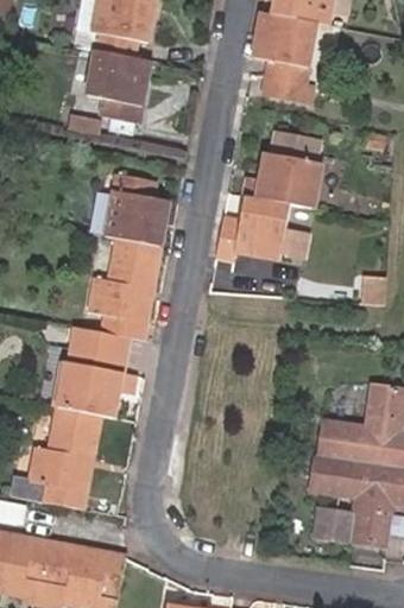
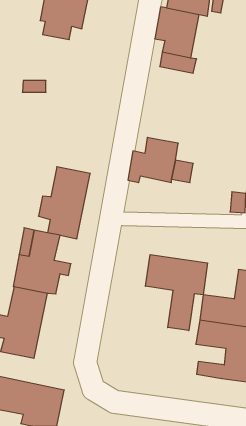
building: [86,50,151,120] -> none
building: [255,138,323,209] -> none
building: [103,173,171,247] -> none
building: none -> [145,255,207,331]

